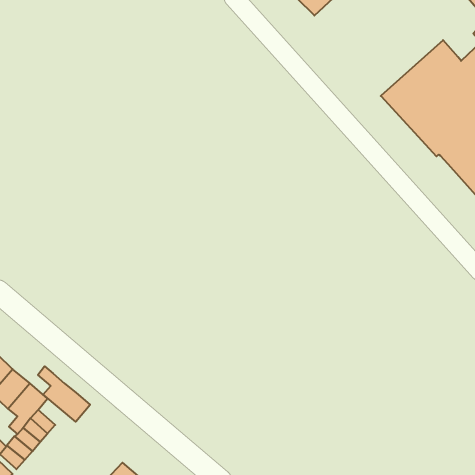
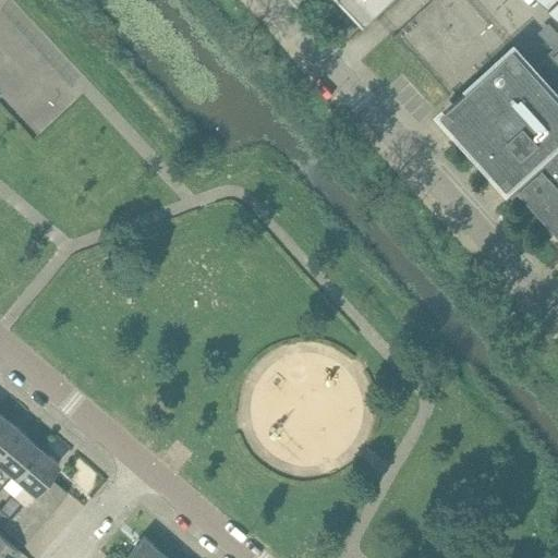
building: [38,366,90,422] -> none

